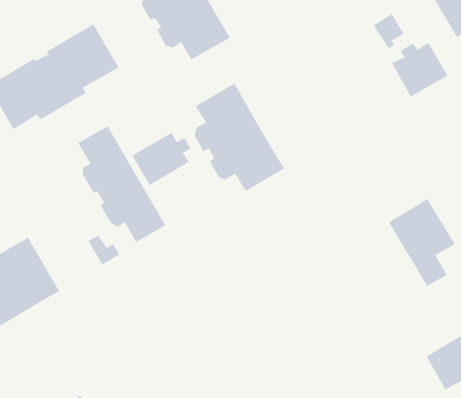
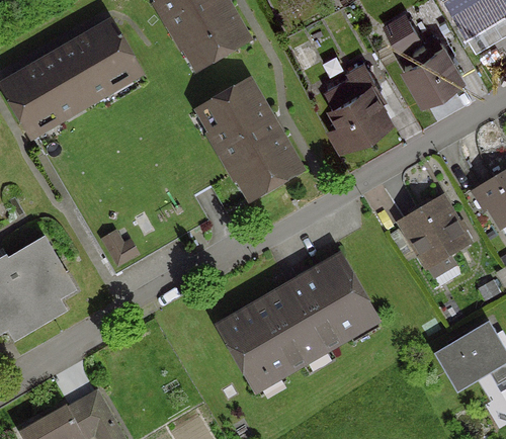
building: none -> [326,62,389,145]
building: [78,125,166,243] -> none
building: [131,132,191,186] -> none
building: none -> [219,257,371,383]

